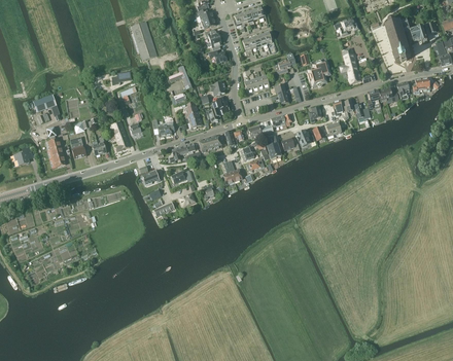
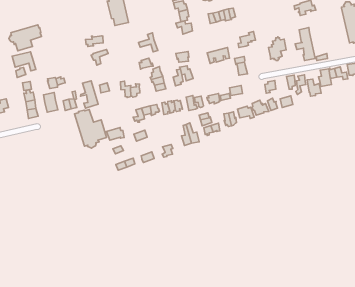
building: none -> [9,25,41,51]
building: none -> [75,109,107,148]

